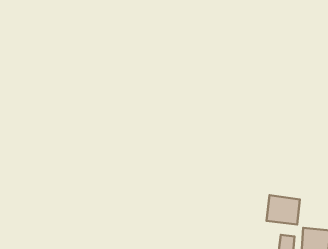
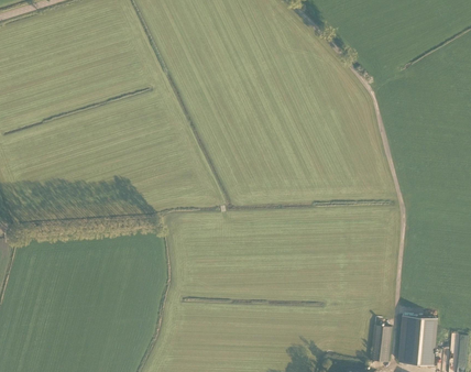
building: [266,195,300,225] -> none

